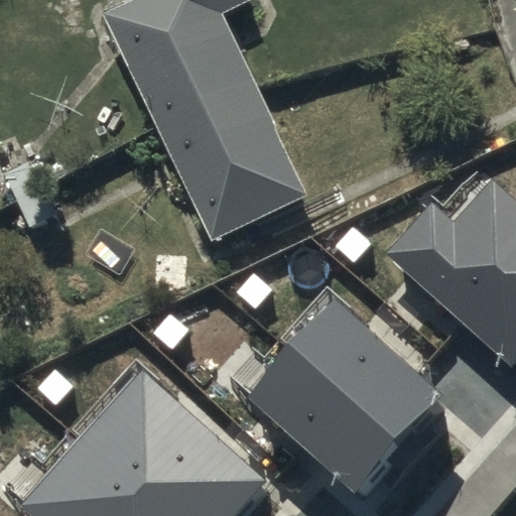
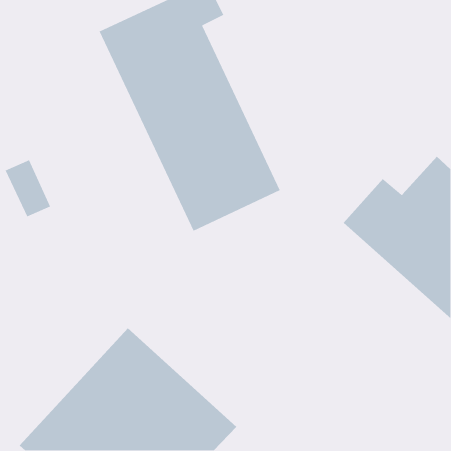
building: [249,301,442,492] -> none

